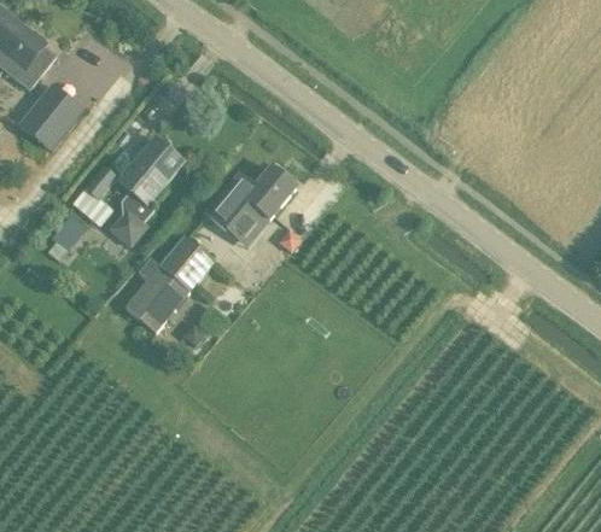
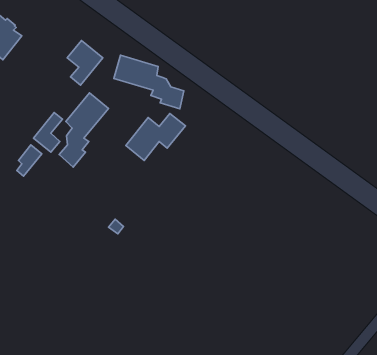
building: none -> [114,55,184,109]
building: [31,86,83,151] -> [67,41,103,85]
building: [124,235,215,333] -> none

